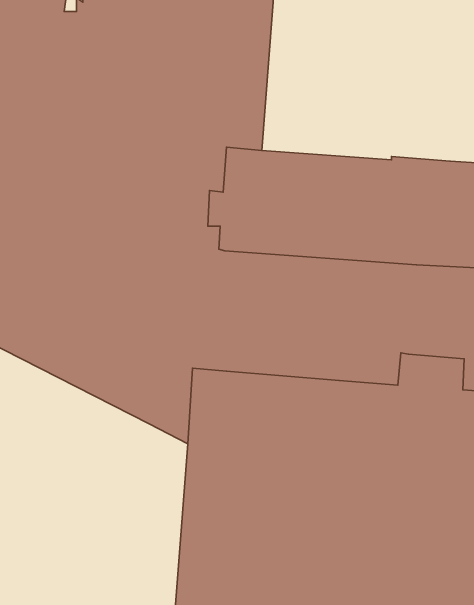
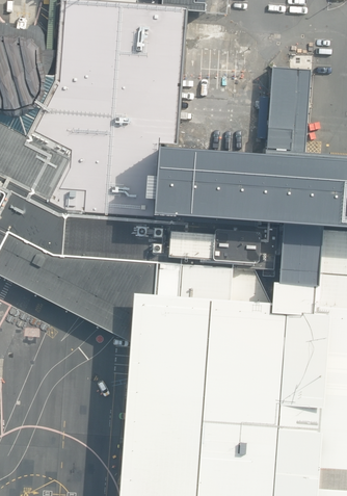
building: none -> [267,68,313,153]

